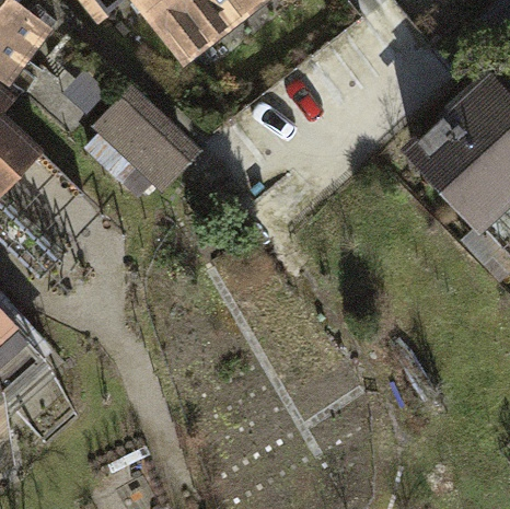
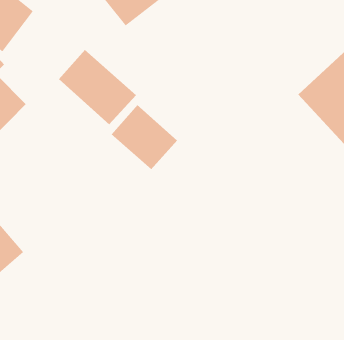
building: none -> [111,104,178,170]

